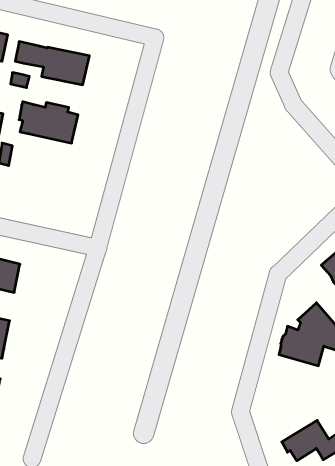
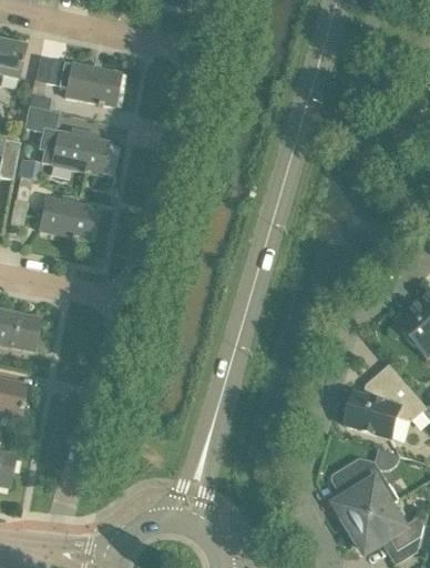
building: none -> [23,106,58,131]
building: none -> [38,197,95,242]
building: none -> [332,459,398,529]

